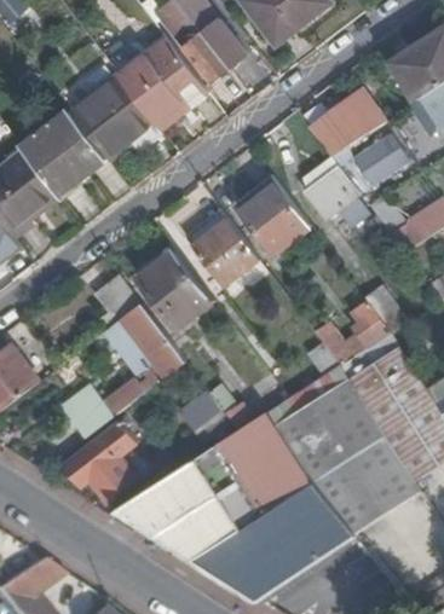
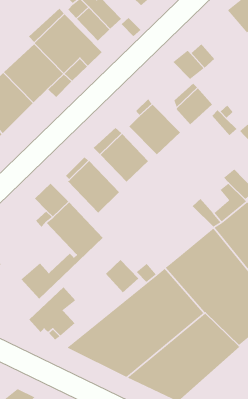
building: [353,135,404,184] -> none

